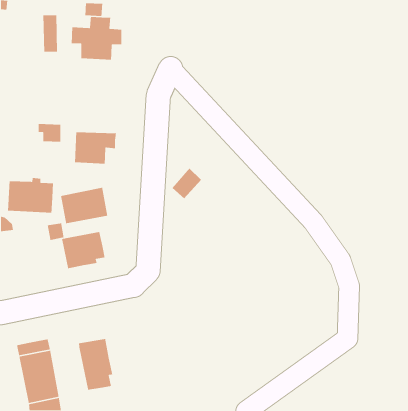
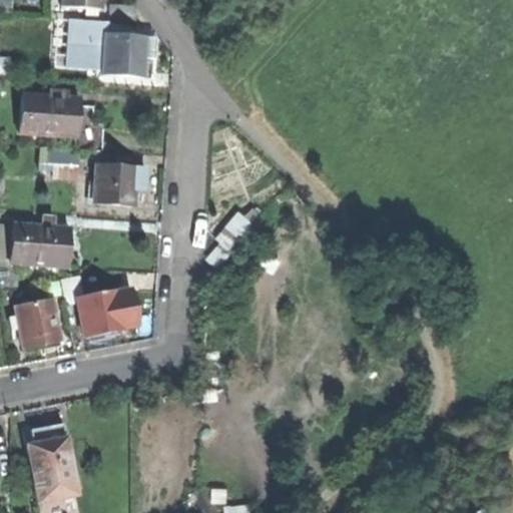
building: none -> [14,88,104,149]
building: [60,187,108,224] -> none
building: none -> [12,299,62,347]
building: [78,338,113,390] -> none

